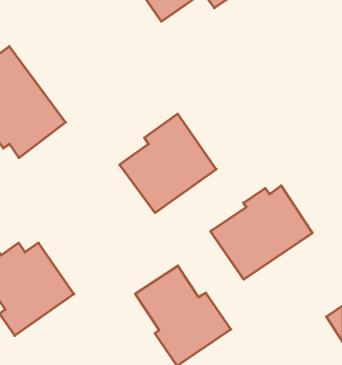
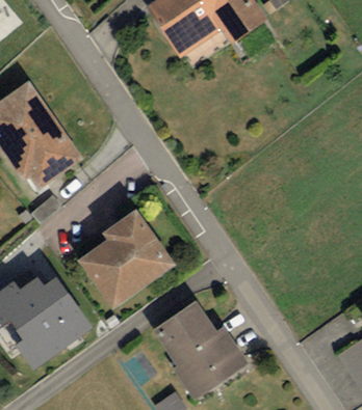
building: [120,114,216,213] -> [77,211,174,309]
building: [211,186,312,279] -> none

